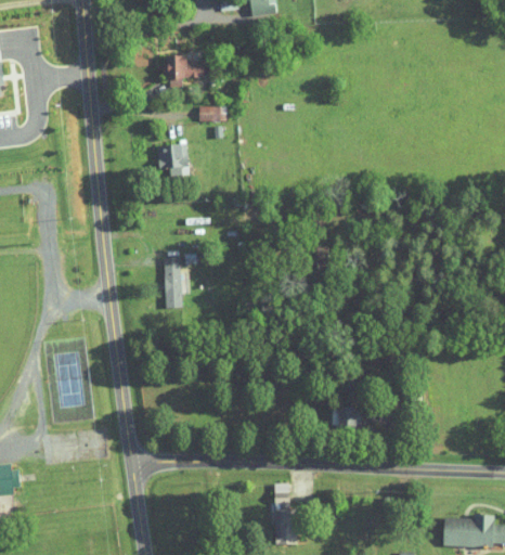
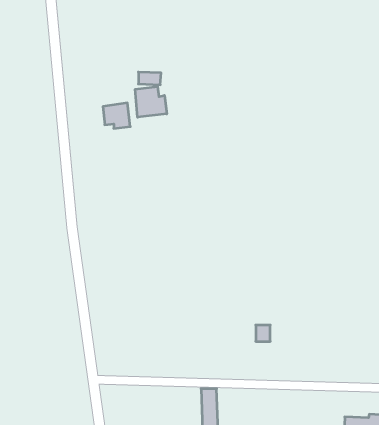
building: [168,55,204,87] -> none
building: none -> [135,86,167,117]
building: [164,258,182,308] -> none

